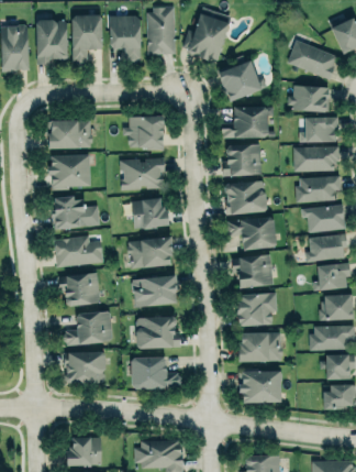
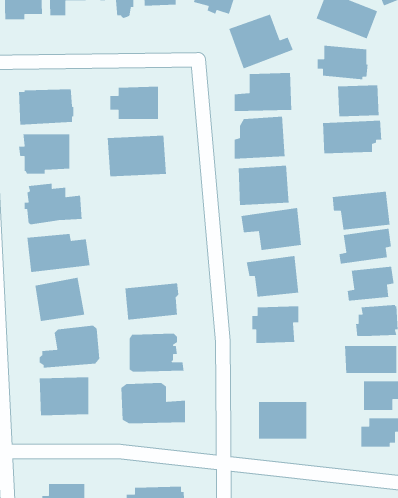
building: [296,175,341,201] -> none
building: [130,196,169,229] -> none
building: [126,235,173,267] -> none
building: [237,332,280,361] -> none

